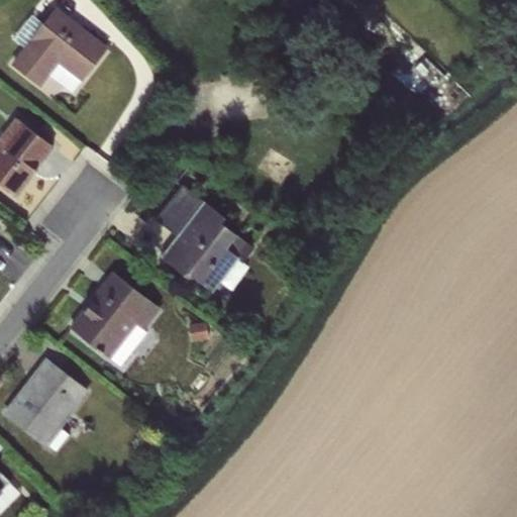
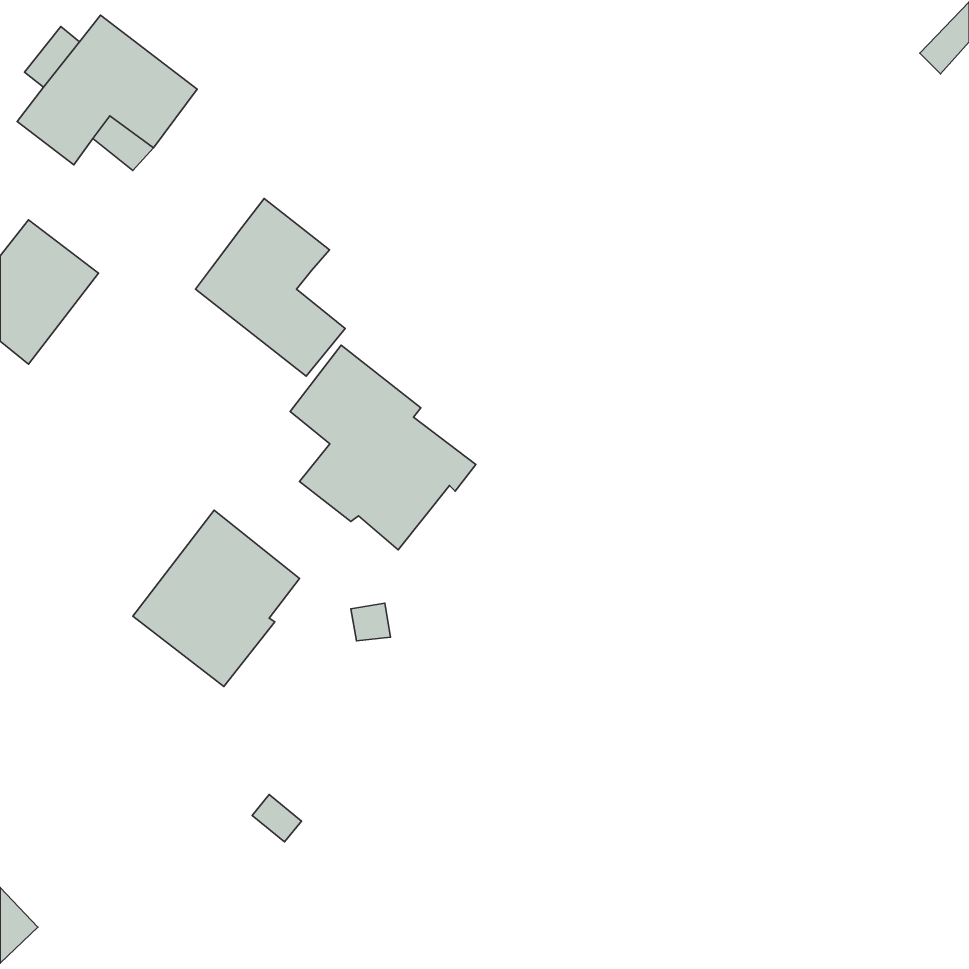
building: none -> [195,199,345,376]
building: [4,359,88,451] -> none

